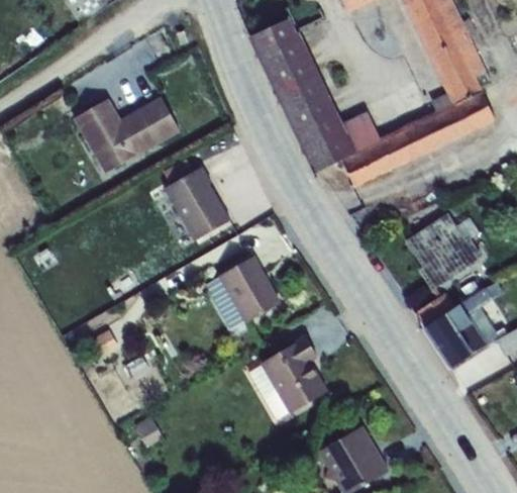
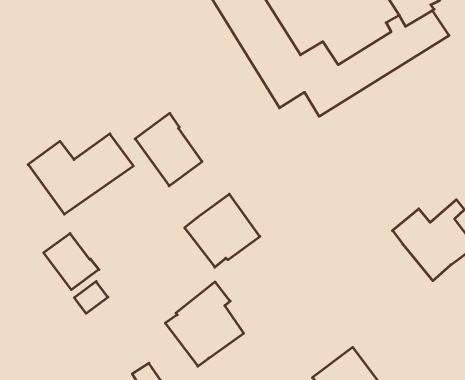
building: [74,96,181,173] -> [28,134,133,214]
building: [406,213,482,289] -> none
building: none -> [44,233,99,290]
building: [248,335,327,419] -> [165,282,244,366]

